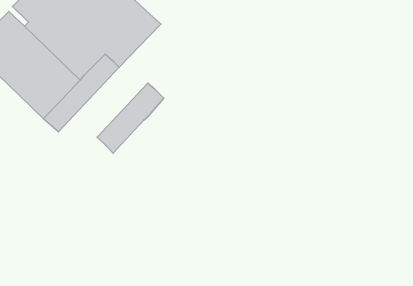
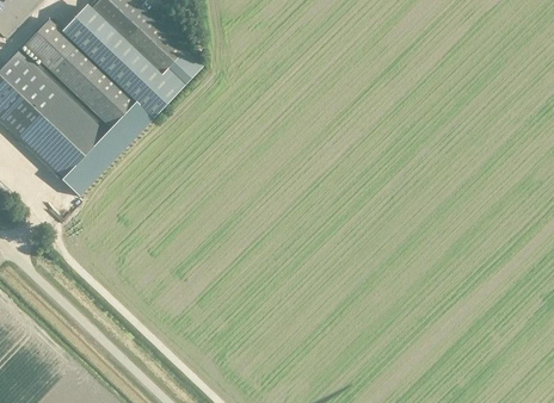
building: [97,83,164,153] -> none

